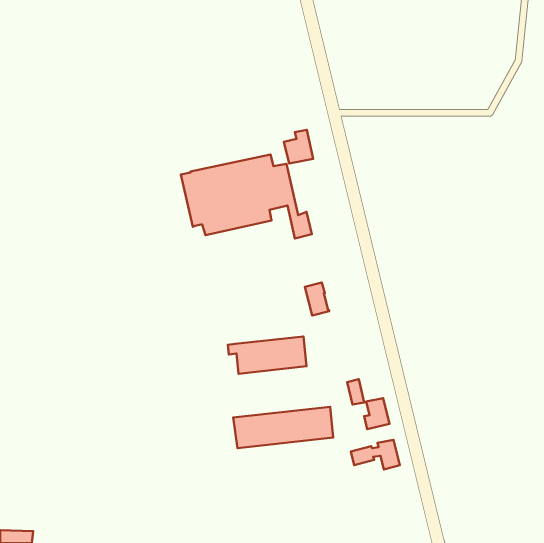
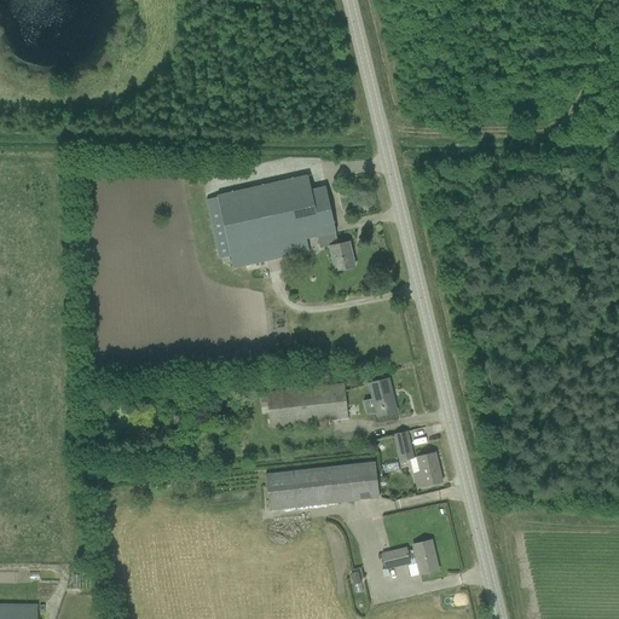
building: [284,130,313,164] -> none
building: [305,282,329,315] -> [369,378,397,416]
building: [351,440,400,470] -> [382,540,438,574]

